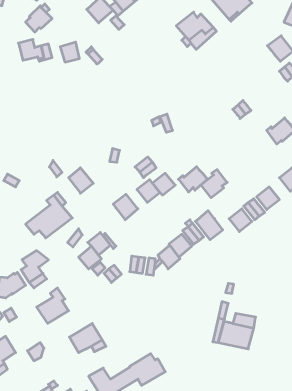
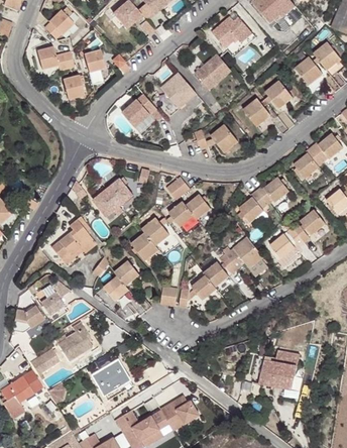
building: none -> [197,54,232,89]
building: none -> [296,57,323,85]
building: none -> [161,73,197,109]
building: none -> [63,75,85,100]
building: none -> [265,81,293,109]
building: none -> [122,95,155,128]
building: none -> [243,98,271,127]
building: none -> [210,124,238,153]
building: none -> [294,147,323,179]
building: none -> [106,179,133,206]
building: [178,167,208,192] -> [257,177,290,205]
building: none -> [131,233,158,261]
building: none -> [30,348,61,379]

